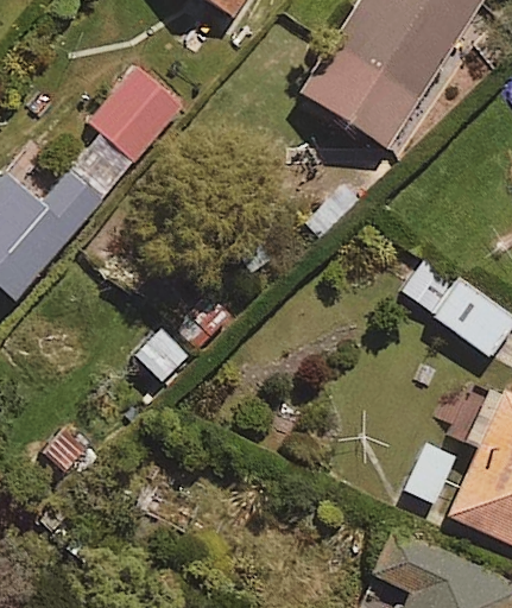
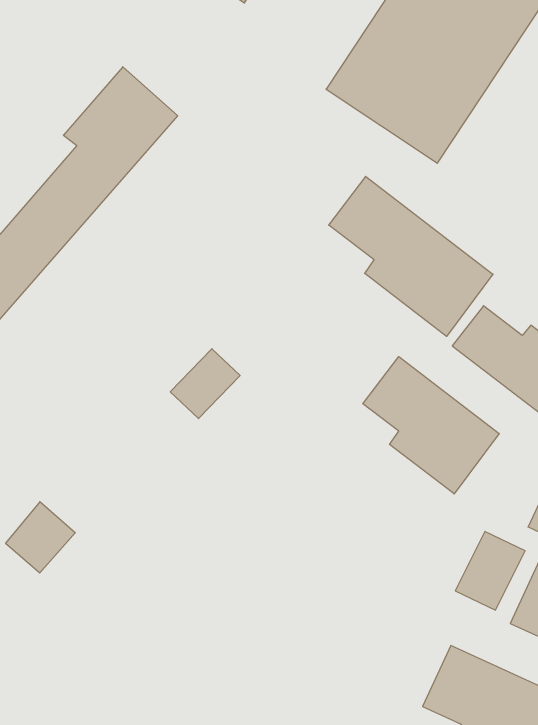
building: none -> [329,176,493,336]
building: none -> [363,357,499,494]

